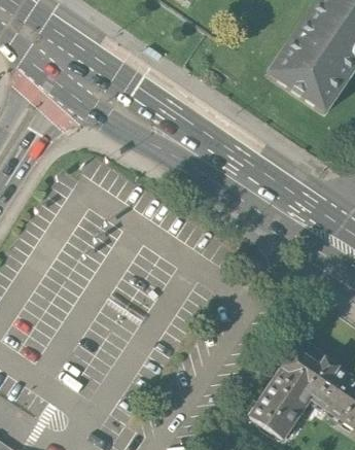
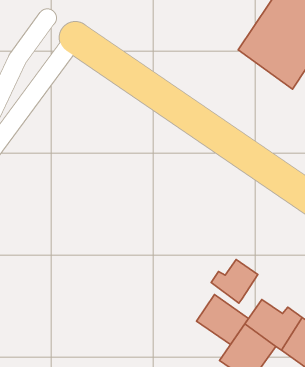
building: none -> [211,260,258,303]
building: none -> [197,295,249,345]

